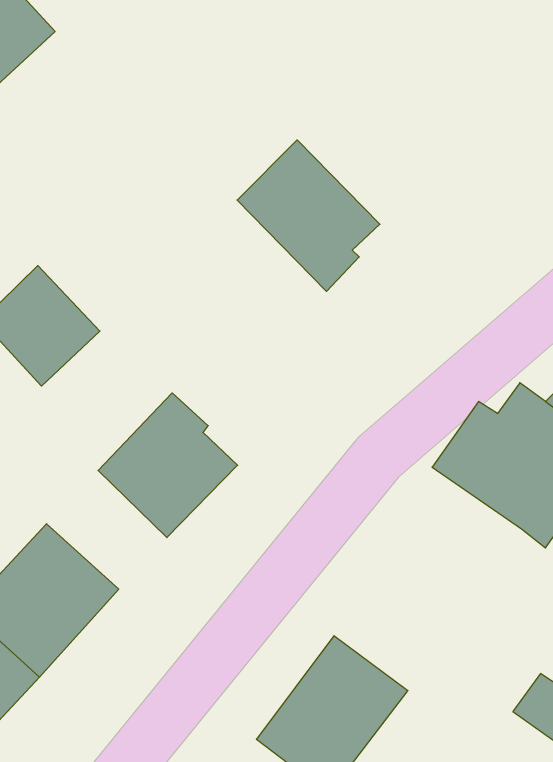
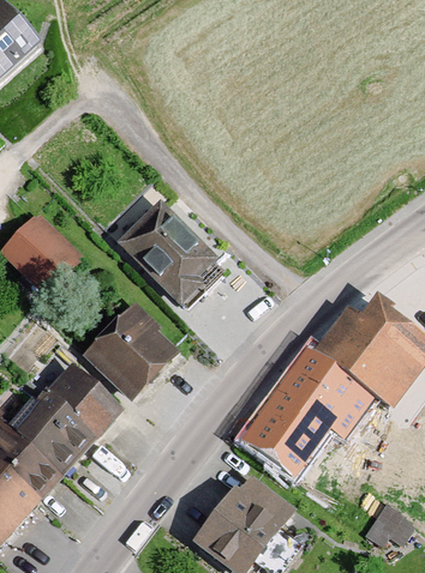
building: [237,140,380,291] -> [115,198,215,303]
building: none -> [235,343,376,478]
building: none -> [44,362,121,436]

